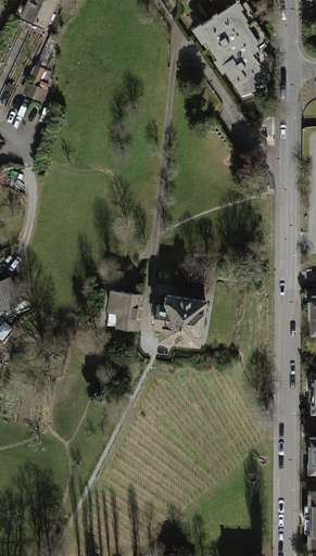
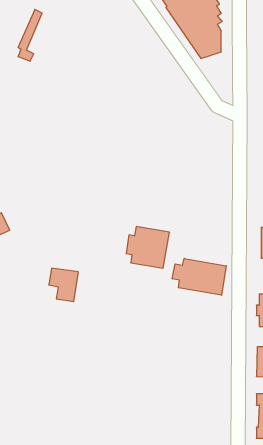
building: [108,292,142,331] -> [49,268,78,302]
building: none -> [172,258,226,295]

